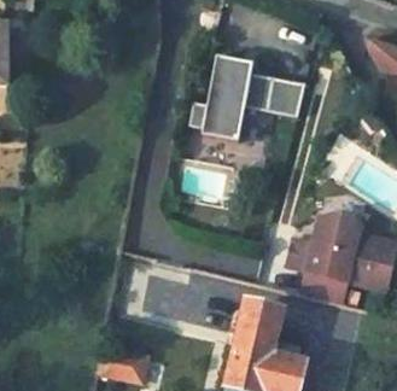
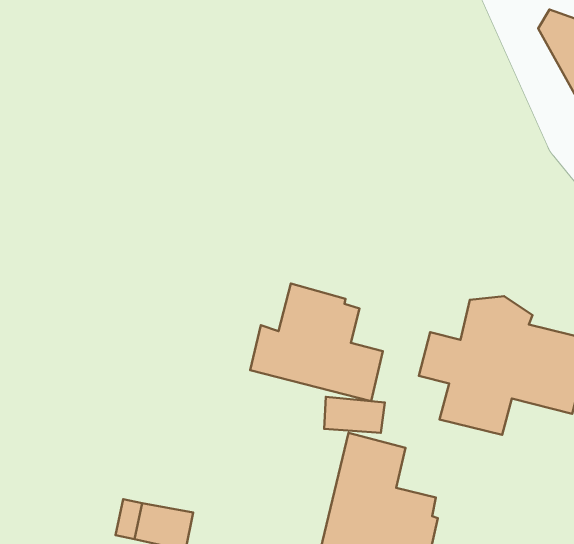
building: [187,57,304,142] -> none
building: none -> [250,284,383,401]

